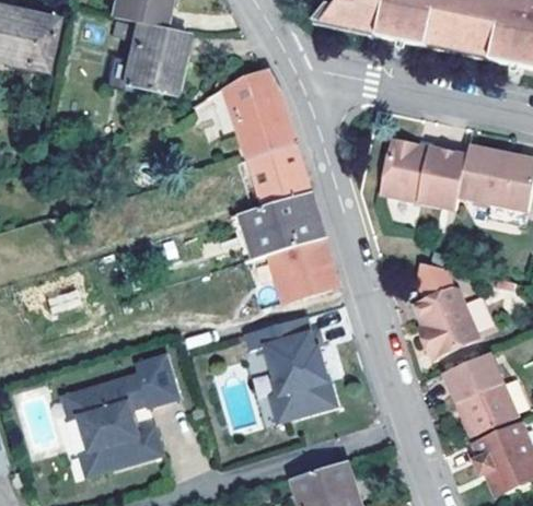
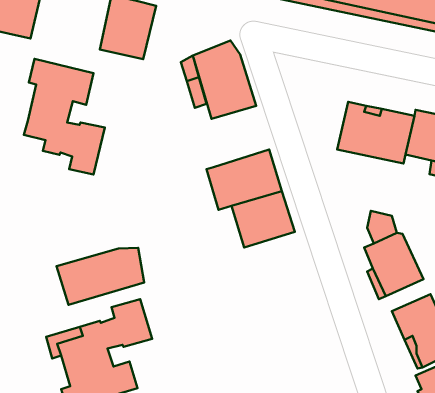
building: none -> [24,59,105,174]
building: [234,143,310,211] -> none
building: none -> [57,248,144,305]
building: [246,311,339,419] -> none

